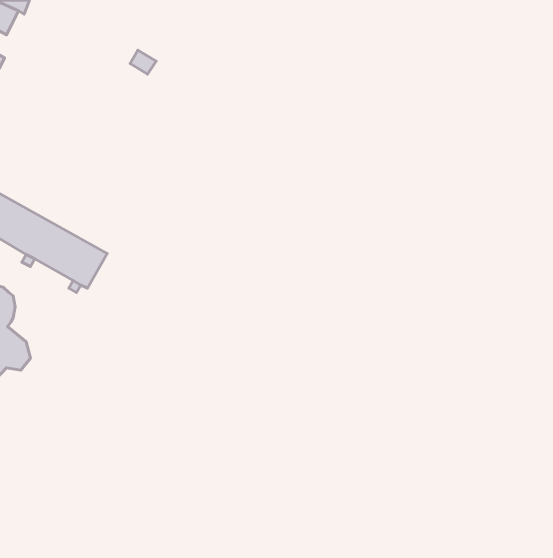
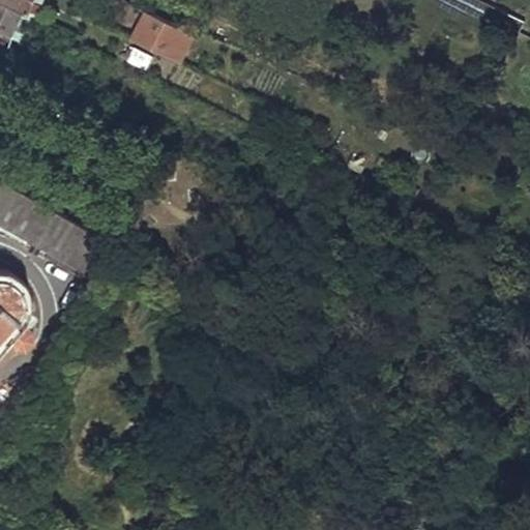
building: none -> [128,10,178,58]

